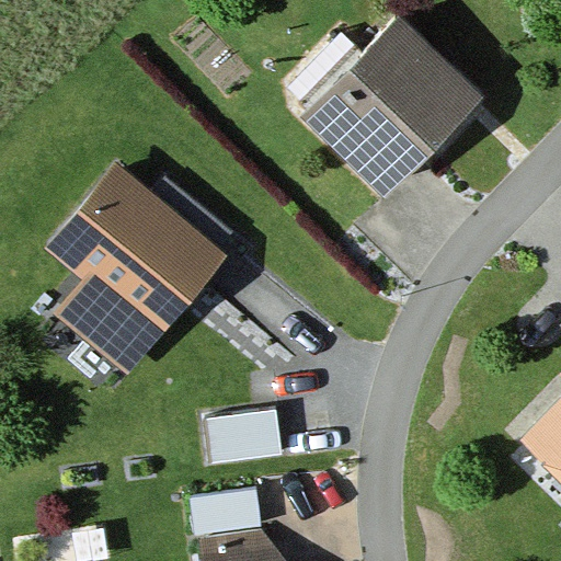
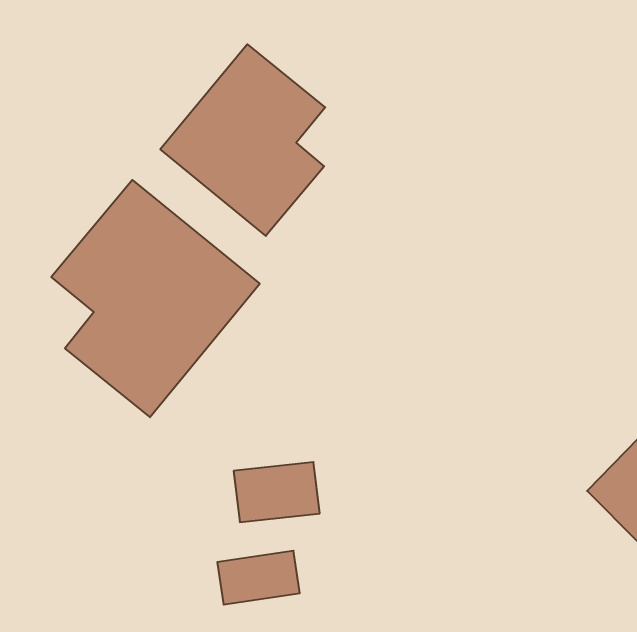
building: [305,16,479,190] -> none
building: none -> [160,44,325,236]

